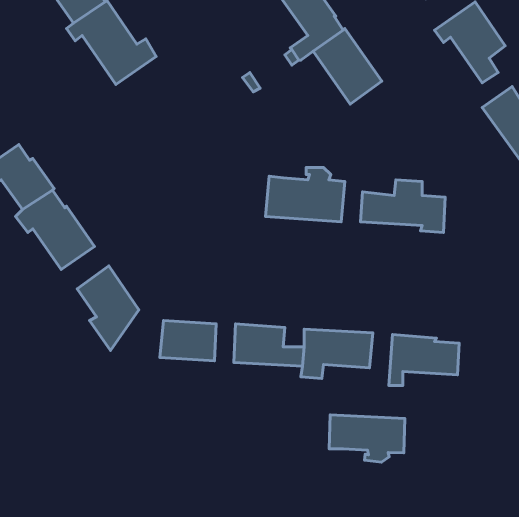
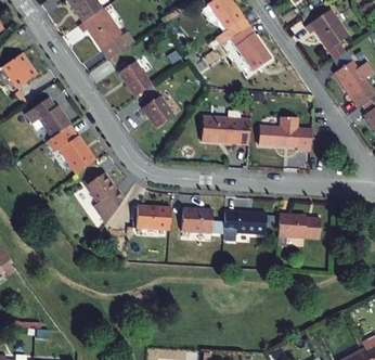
building: none -> [118,60,153,97]
building: none -> [142,95,173,128]
building: [329,415,405,462] -> none

